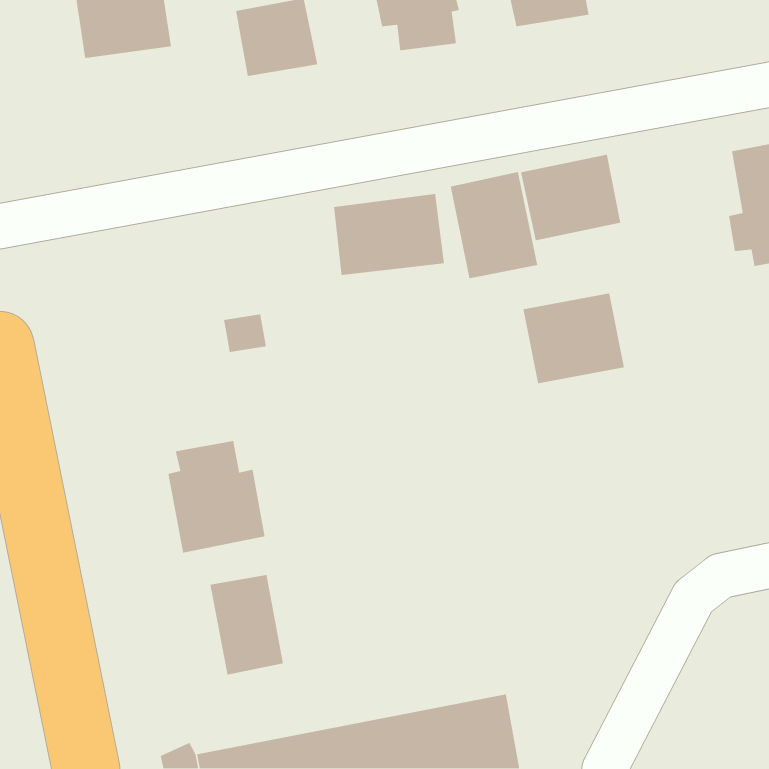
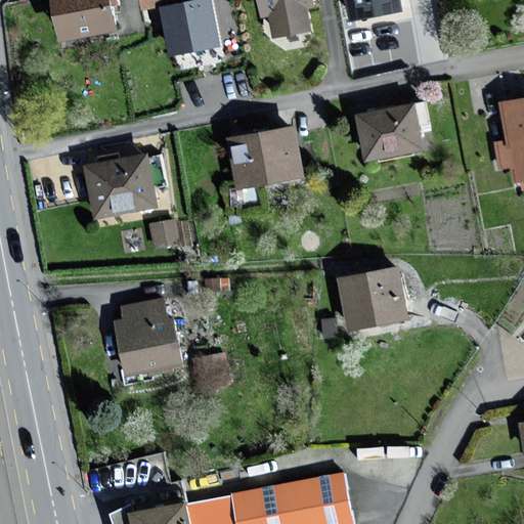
building: [450,171,538,279] -> none
building: none -> [83,154,156,218]
building: [522,292,625,384] -> [337,269,406,332]
building: [210,574,284,675] -> none

